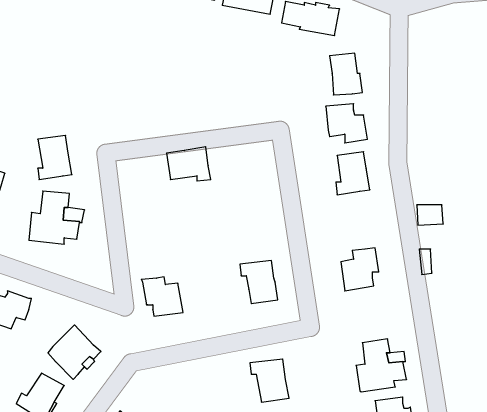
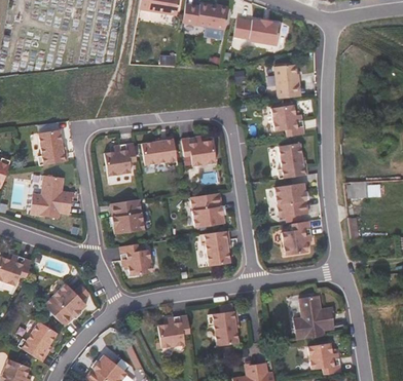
building: none -> [179,135,214,165]
building: none -> [102,142,135,176]
building: none -> [279,189,309,223]
building: none -> [190,191,223,227]
building: none -> [108,198,143,234]
building: none -> [156,312,190,347]

